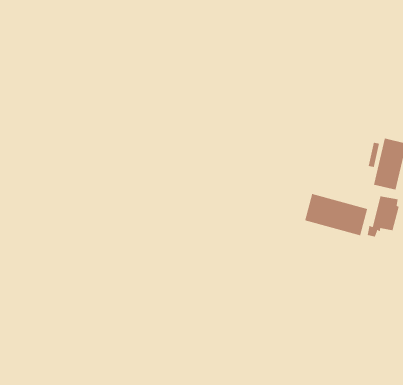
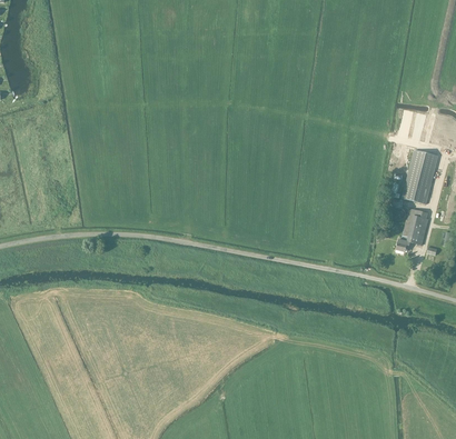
building: [304,193,368,236] -> none

